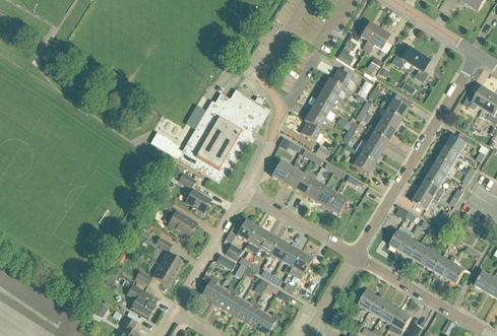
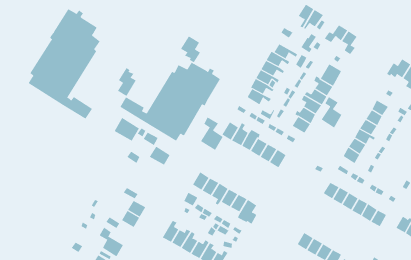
building: none -> [28,8,101,120]
building: none -> [180,35,201,63]
building: none -> [117,67,137,97]
building: none -> [321,96,342,128]
building: none -> [200,116,224,151]
building: [167,209,197,238] -> [114,117,140,141]

